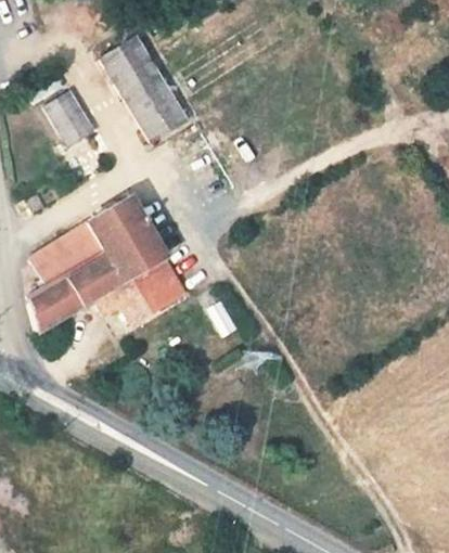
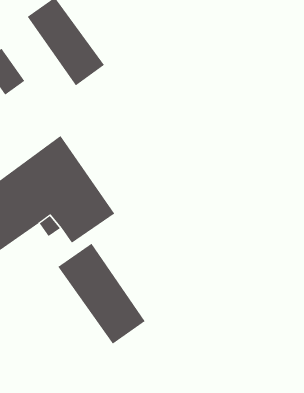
building: none -> [57,243,145,344]

